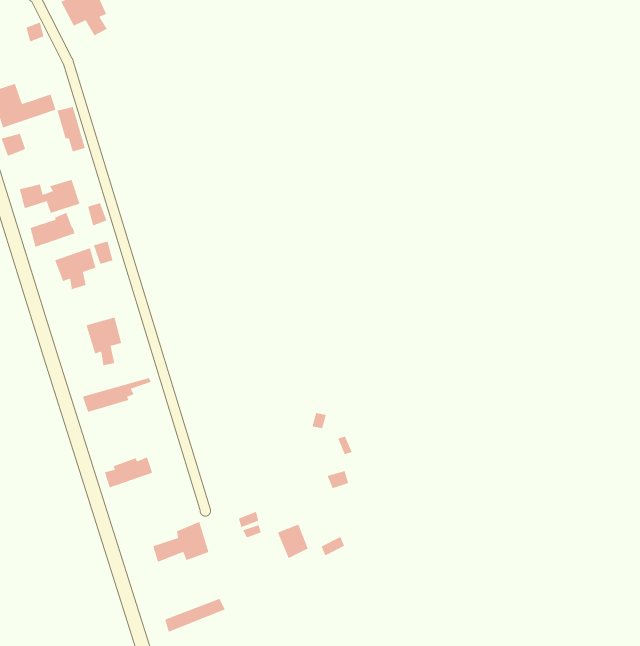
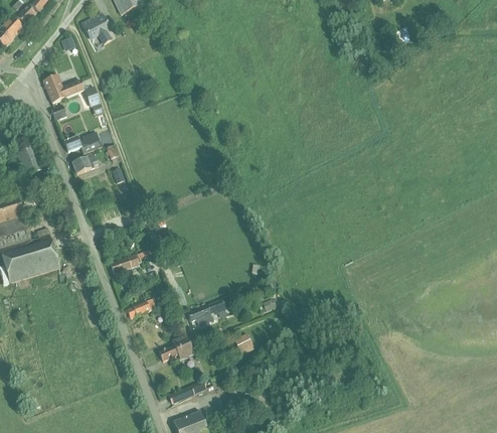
building: [54,247,97,290] -> none
building: [86,316,122,366] -> none
building: none -> [187,299,226,325]

